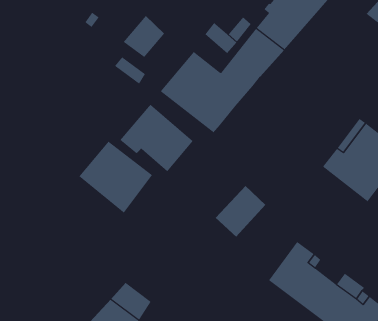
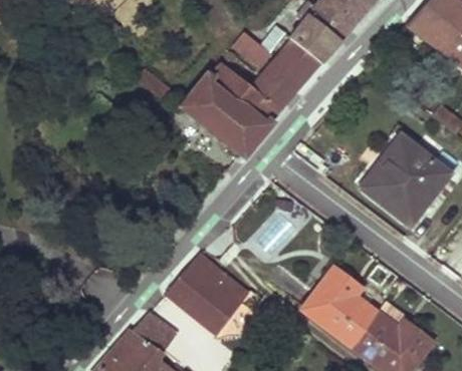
building: [123,15,165,58] -> none
building: [120,104,194,172] -> none
building: [78,141,153,214] -> [167,255,247,333]

